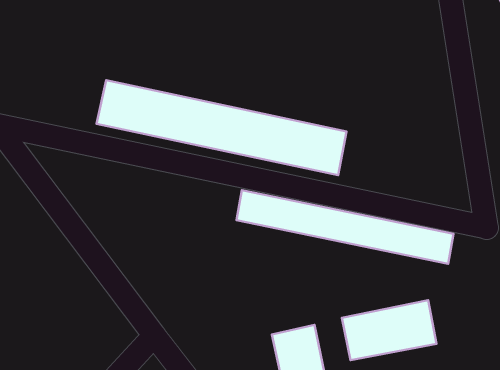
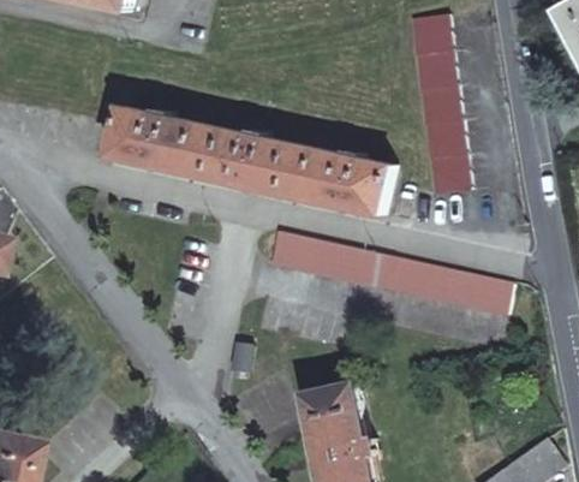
building: none -> [411,25,467,194]
building: [342,300,436,360] -> none

